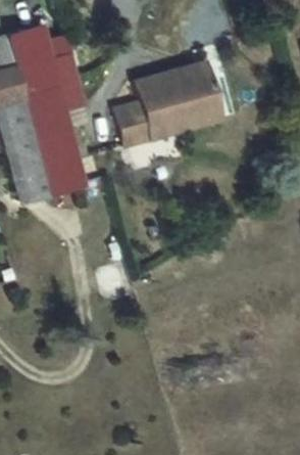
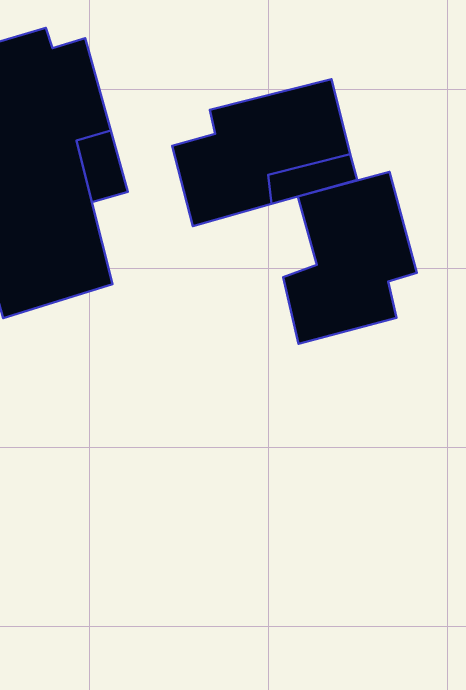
building: none -> [283,172,417,344]

